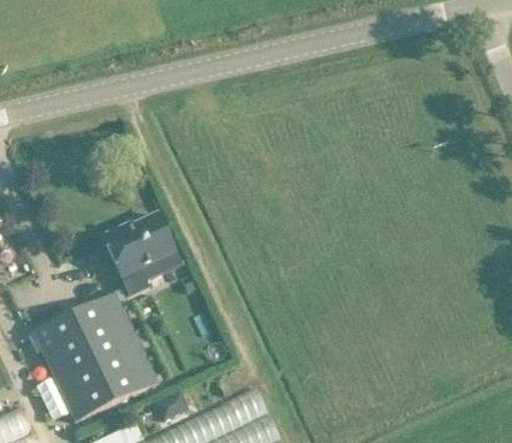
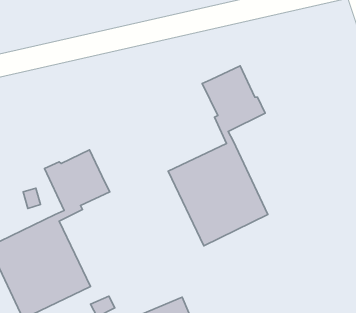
building: none -> [168,66,268,246]

